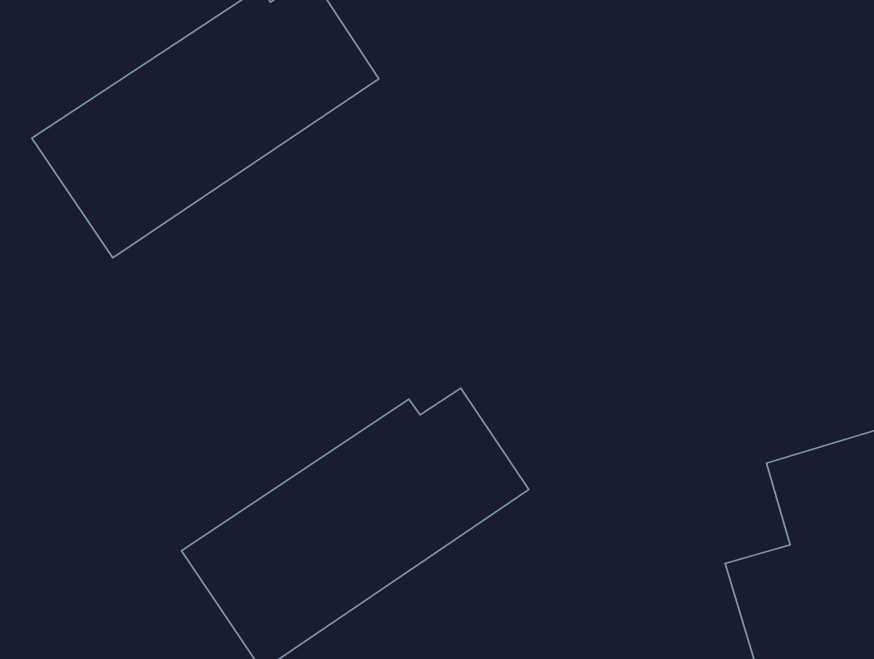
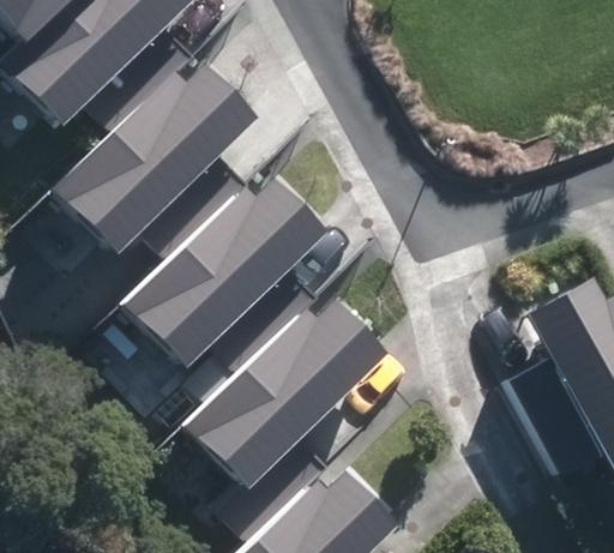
building: none -> [121,180,324,371]

